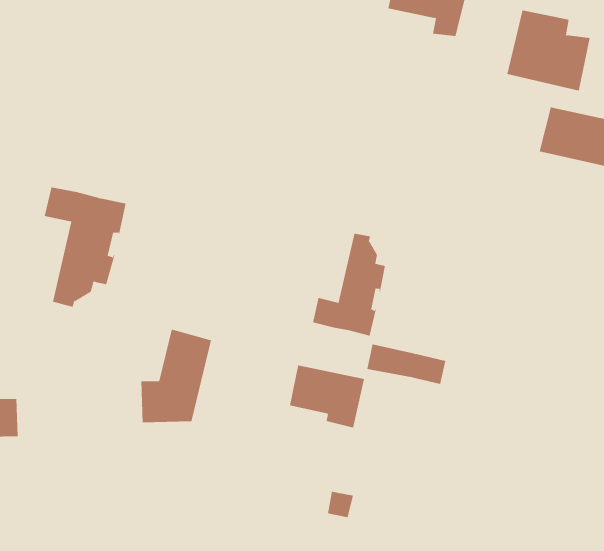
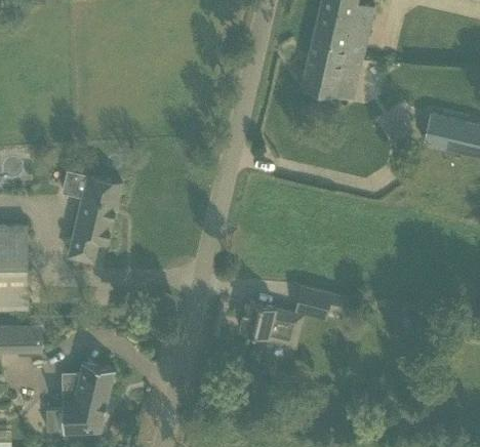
building: [507,10,591,91] -> [301,41,362,100]
building: [312,233,385,336] -> none
building: [140,329,212,423] -> [61,364,113,433]

